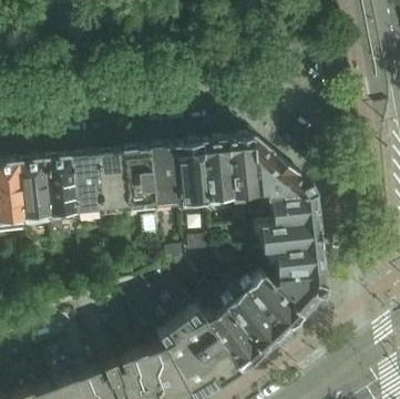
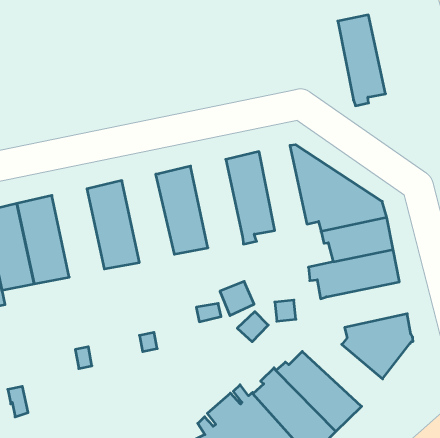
building: [224,136,254,203] -> [338,15,386,106]
building: [172,142,205,208] -> none
building: [120,147,153,212] -> none
building: [66,153,100,217] -> none
building: [263,246,321,276] -> none
building: [237,277,298,336] -> none

